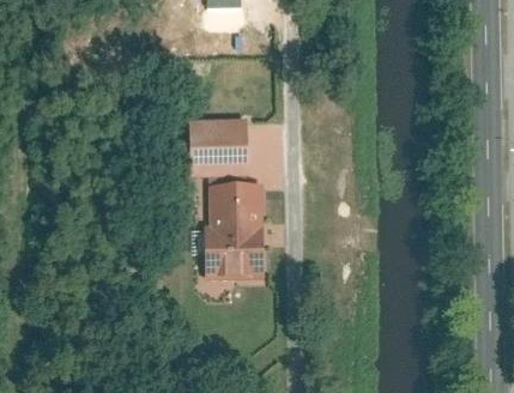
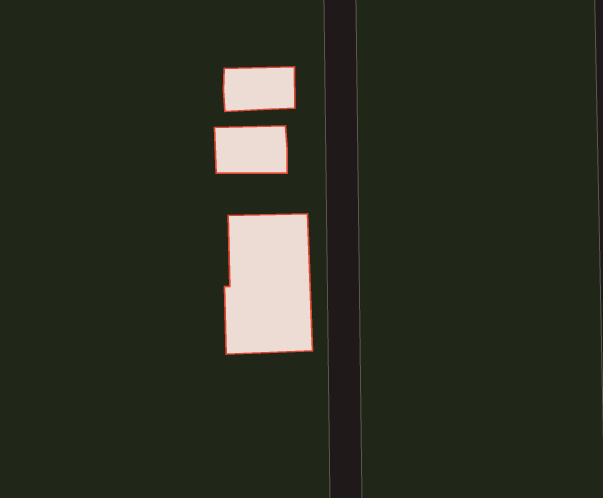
building: none -> [224,67,295,111]

